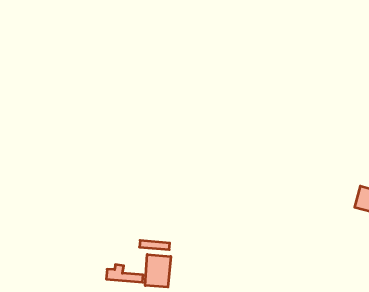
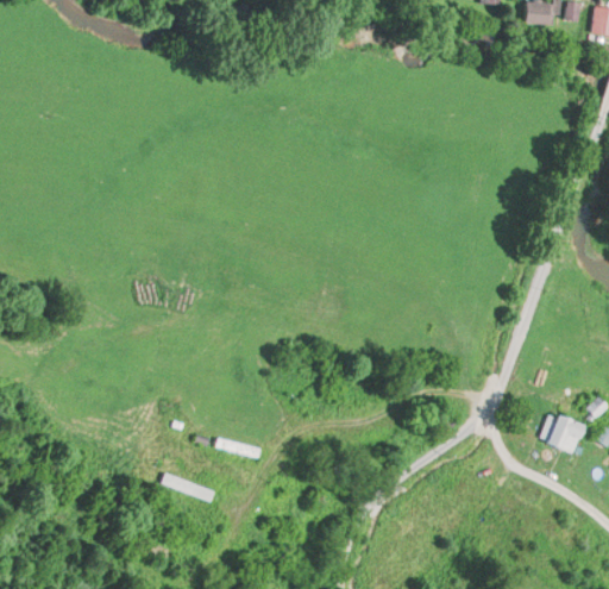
building: [145,254,171,287] -> none

